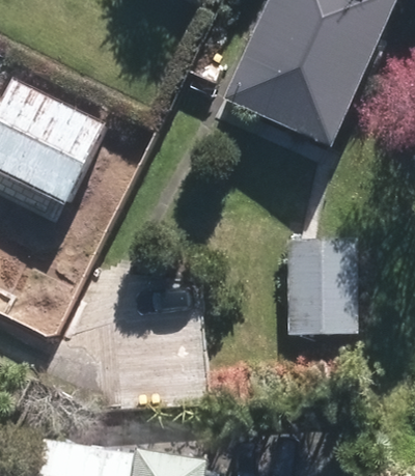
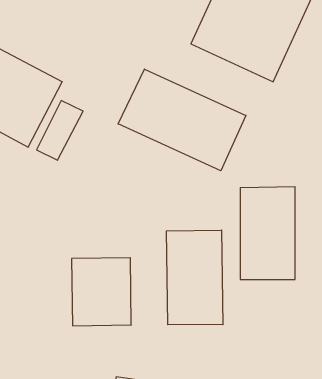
building: none -> [118,69,246,171]
building: none -> [166,230,223,325]

